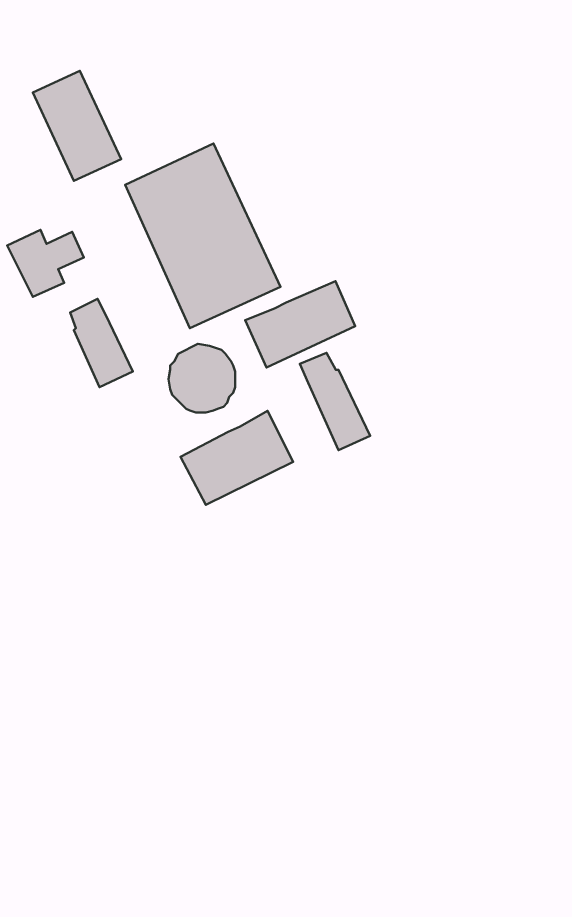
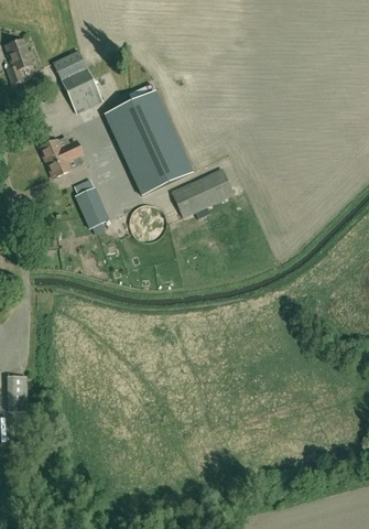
building: [300,353,370,450] -> none
building: [181,411,293,505] -> none

